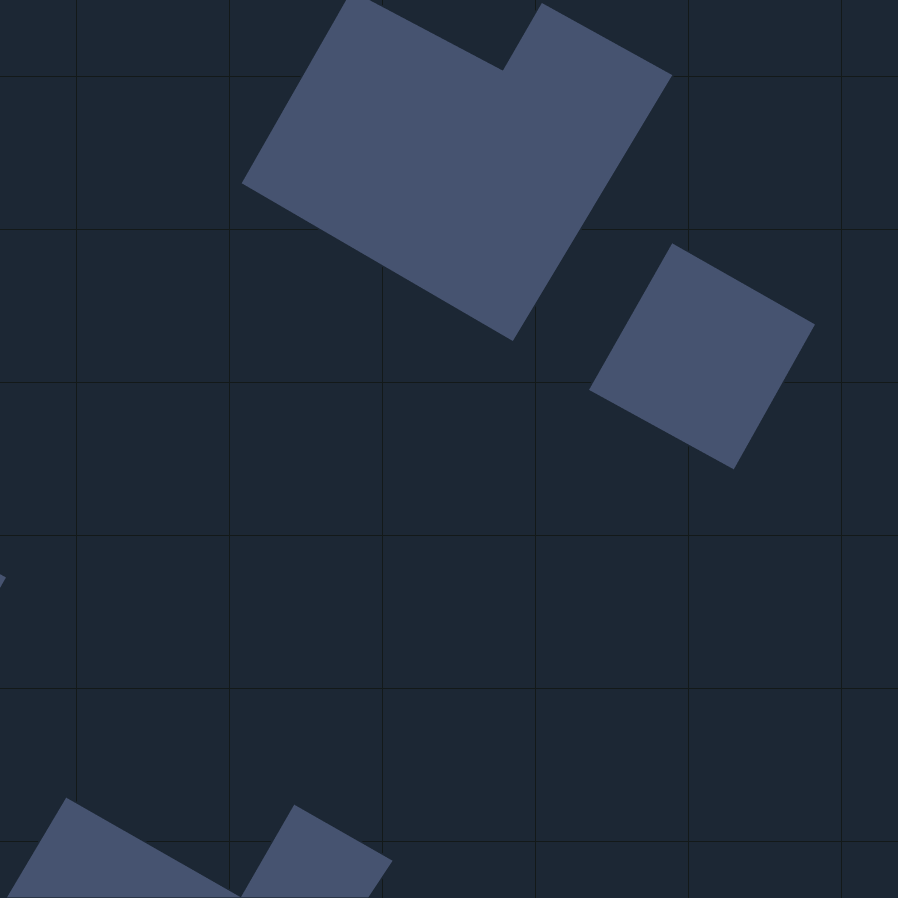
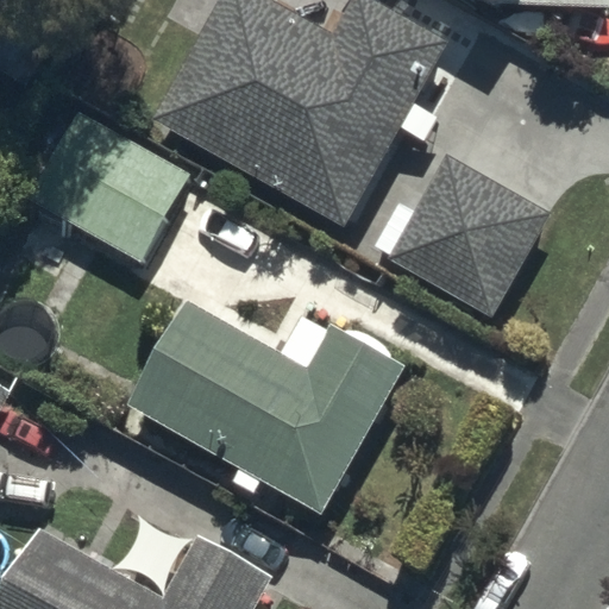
building: none -> [48,127,176,251]
building: none -> [130,295,388,497]

